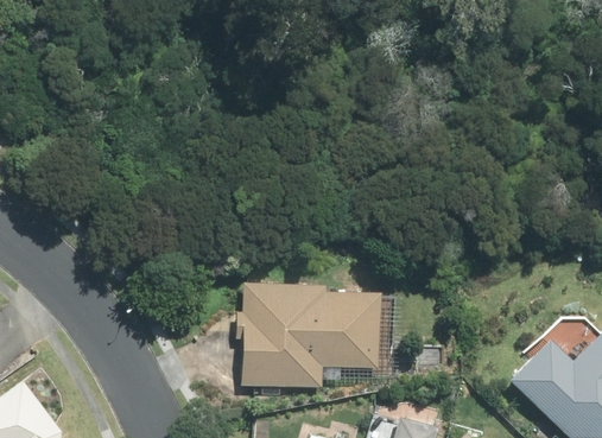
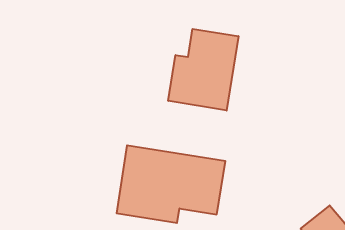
building: none -> [168,29,238,111]

